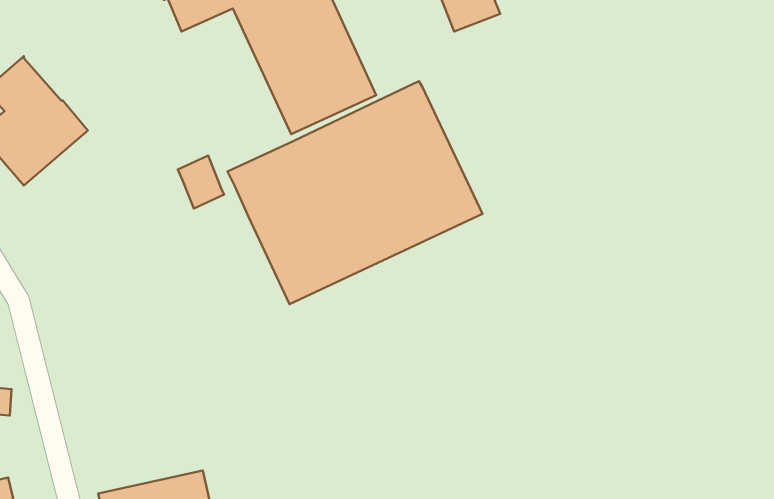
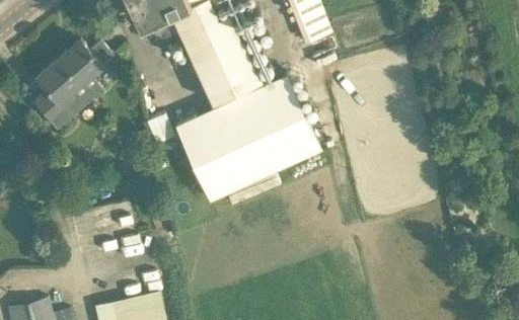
building: none -> [58,38,112,99]

